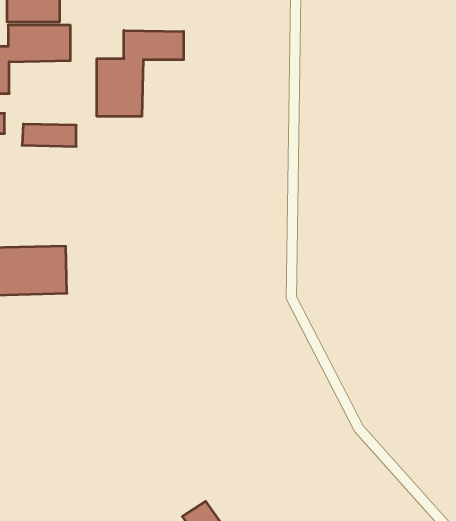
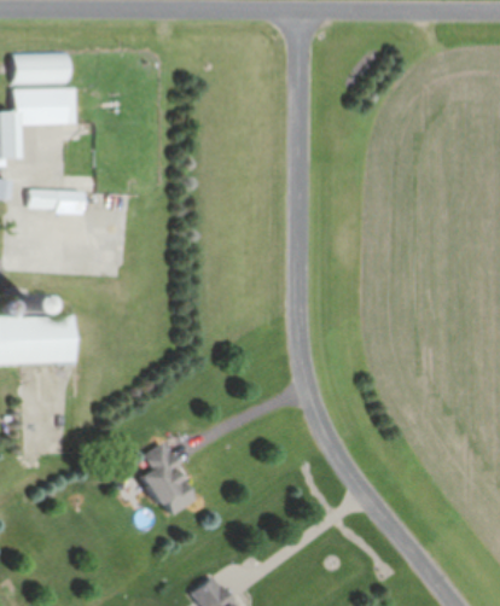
building: [97,30,184,116] -> none
building: none -> [141,444,199,518]

